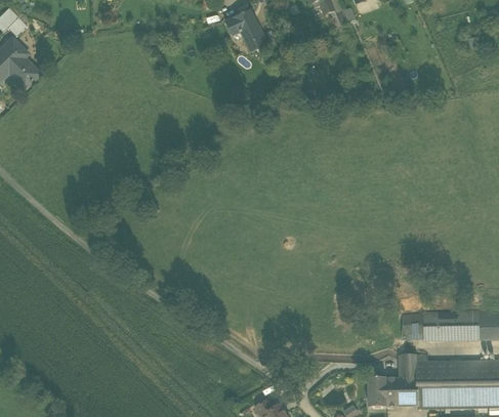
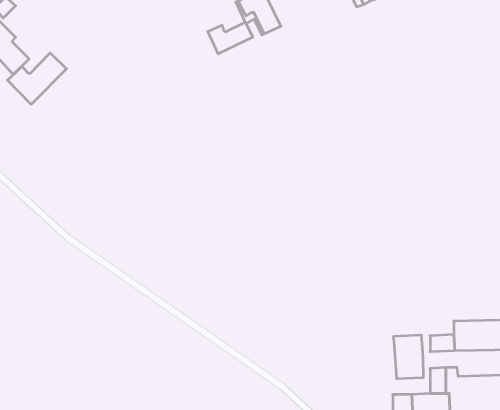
building: none -> [208,22,253,54]
building: none -> [7,53,67,104]
building: none -> [394,335,423,379]

